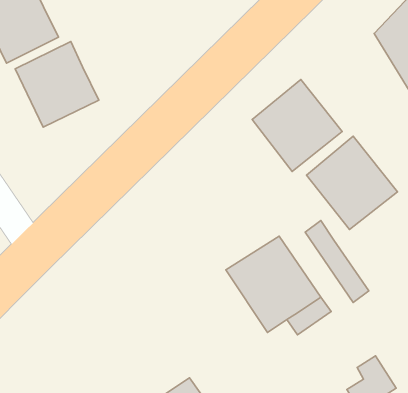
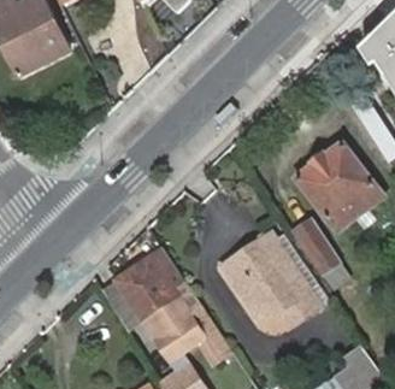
building: [15,42,99,127] -> none
building: [252,79,342,171] -> none
building: none -> [117,255,230,359]

